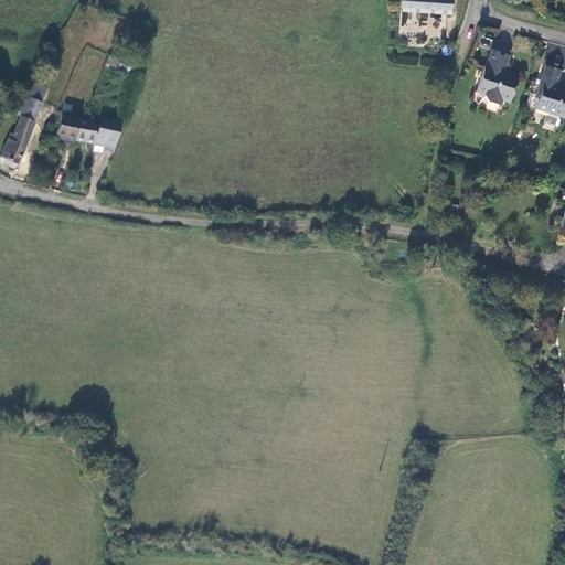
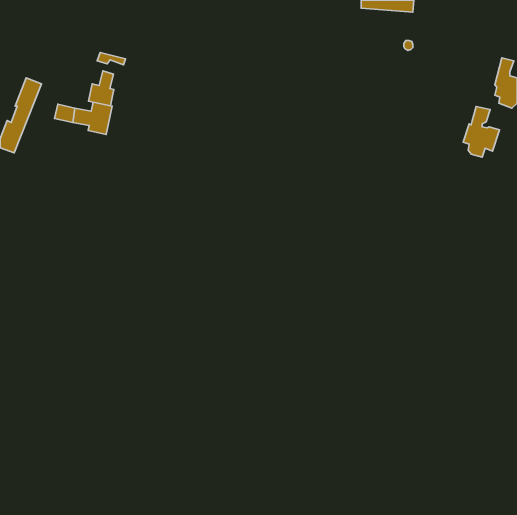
building: [480,52,520,107] -> [463,107,499,157]
building: none -> [88,71,114,106]

